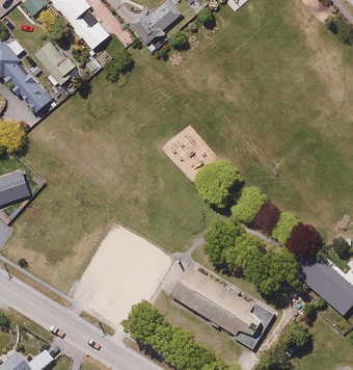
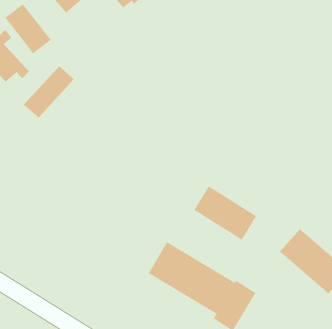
building: none -> [23,66,74,118]
building: none -> [194,186,257,241]

